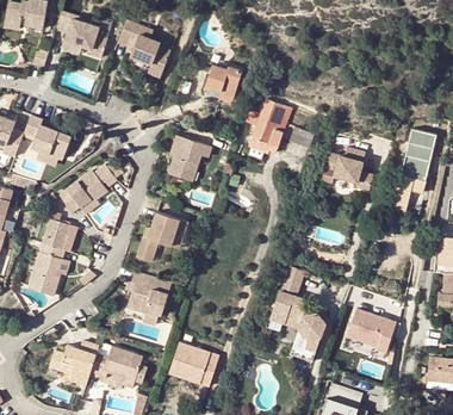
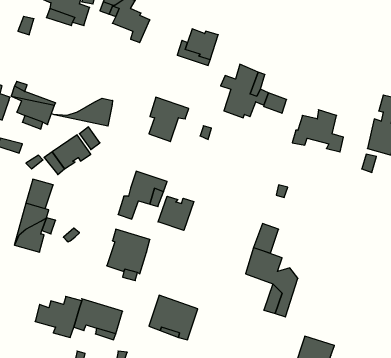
building: none -> [53,98,113,126]
building: none -> [158,196,194,230]
building: [348,310,397,353] -> none

